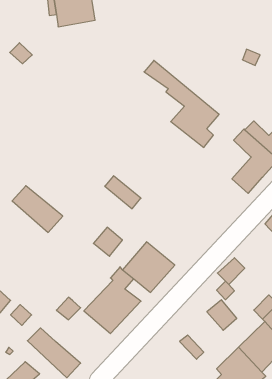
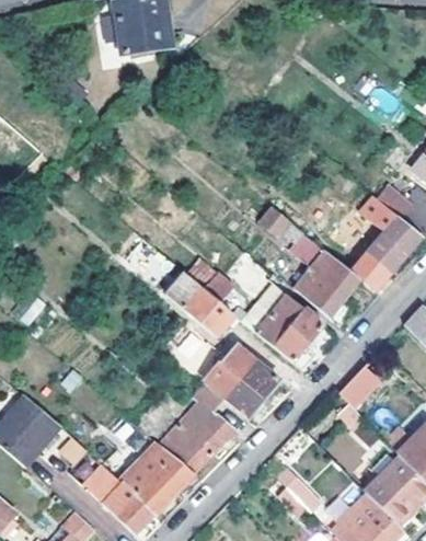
building: [144,60,219,147] -> [261,207,362,325]
building: [12,186,63,232] -> [168,273,237,336]
building: none -> [246,286,325,369]
building: none -> [119,442,194,514]

